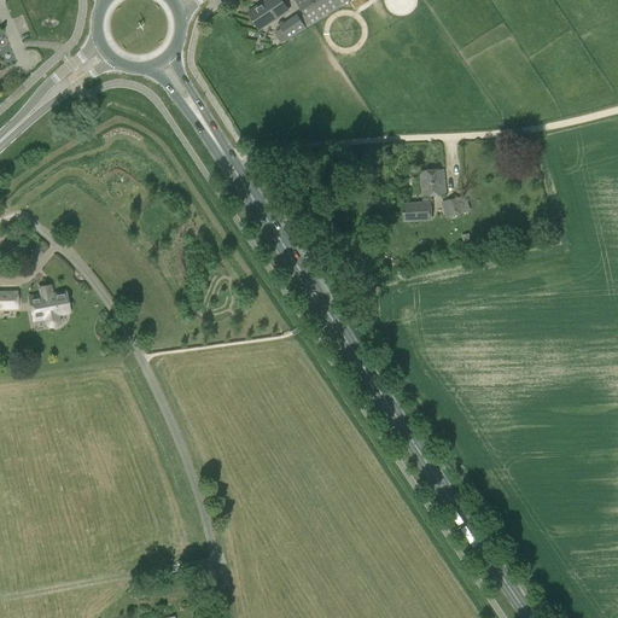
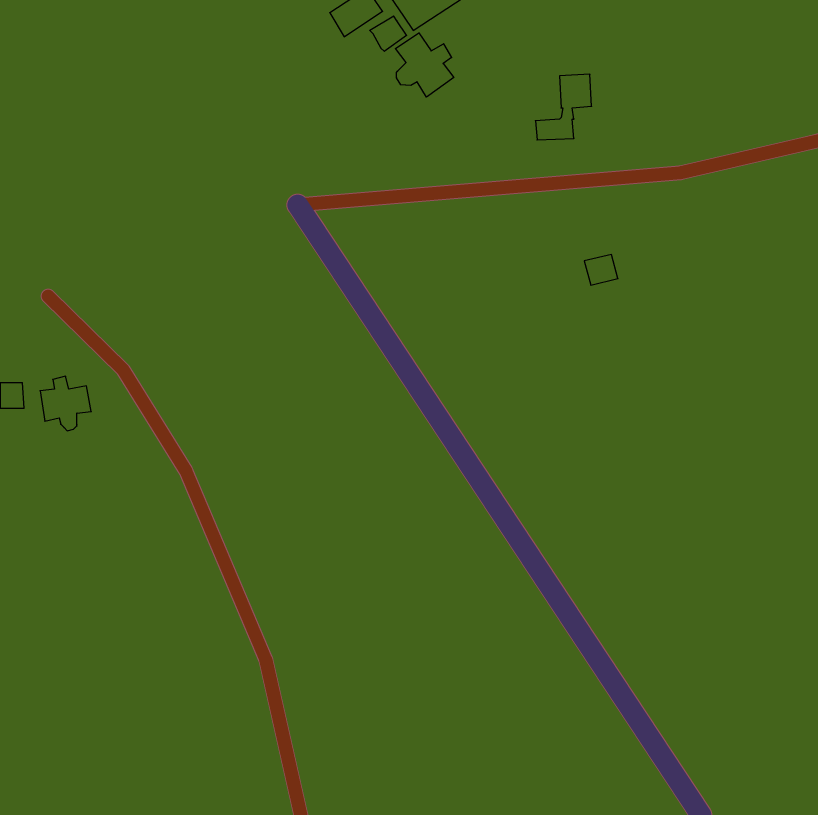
building: none -> [395,33,454,97]
building: [403,168,445,217] -> [535,74,592,140]

